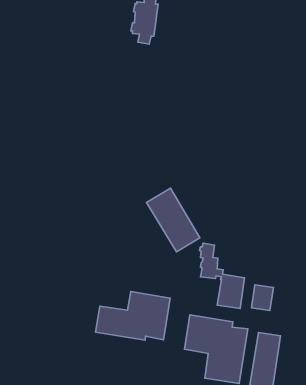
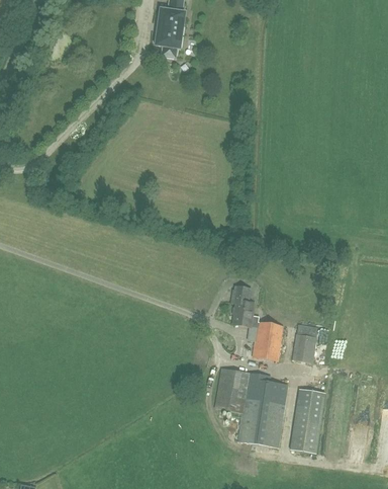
building: [146,188,200,252] -> none
building: [95,292,170,340] -> none

